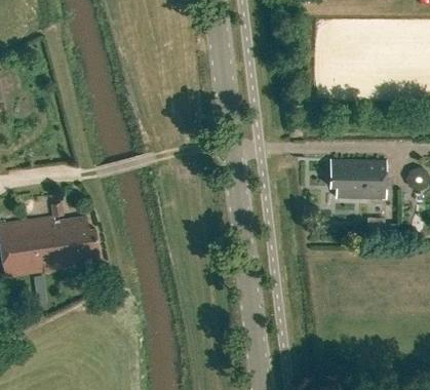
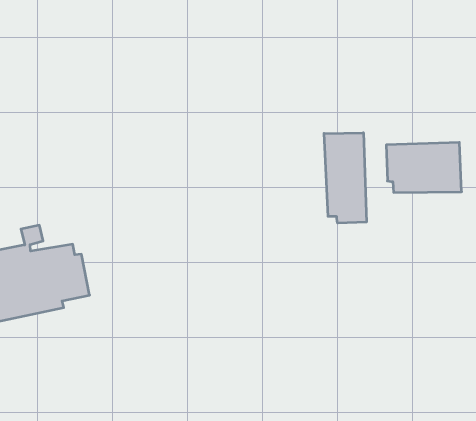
building: none -> [324,133,366,223]

